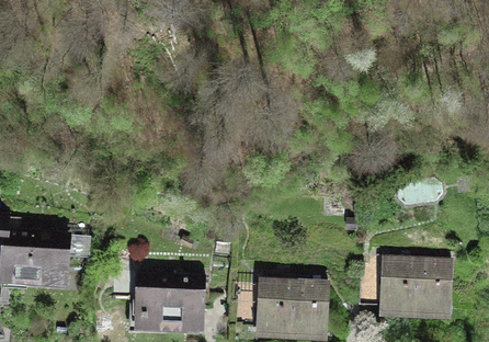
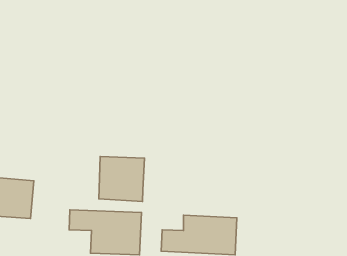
building: none -> [99,156,145,201]
building: [380,262,451,314] -> none

